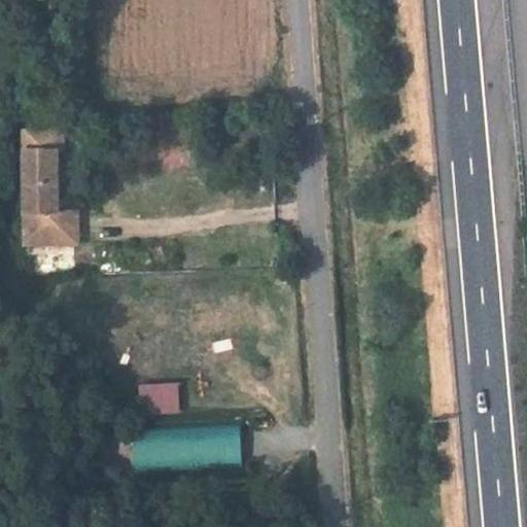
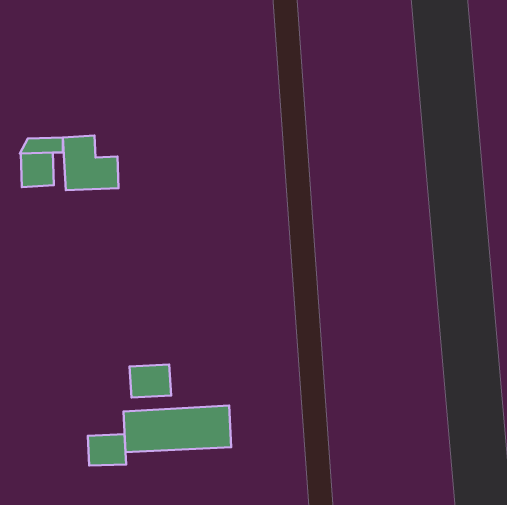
building: [23,191,80,248] -> [63,135,119,190]
building: none -> [88,434,126,465]

